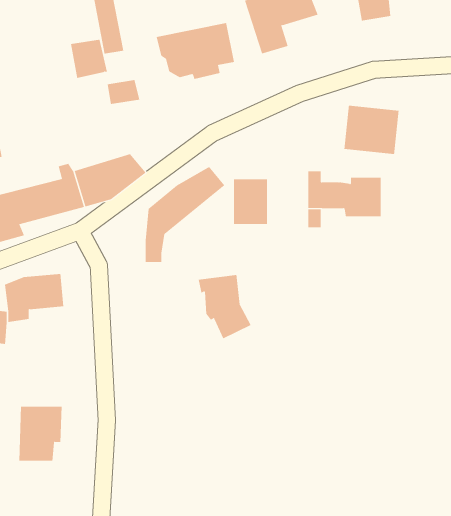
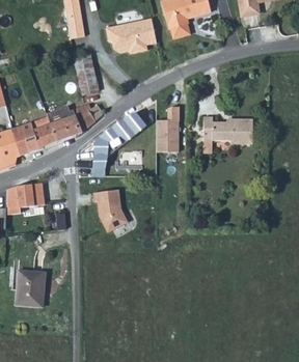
building: [70,39,108,78] -> [75,68,100,94]
building: [344,105,399,155] -> none
building: [198,275,251,339] -> [90,190,126,232]

